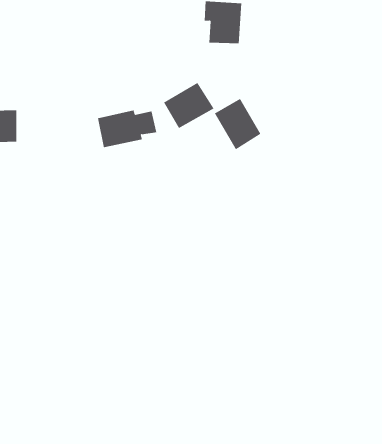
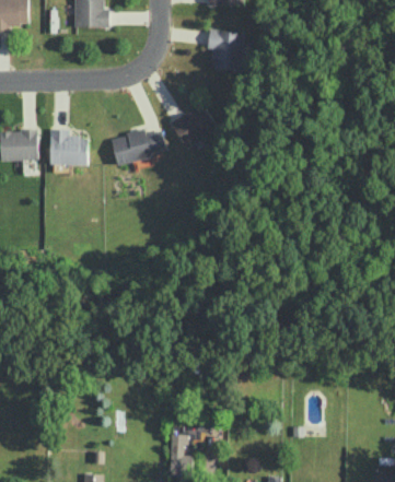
building: [214,98,261,150] -> none
building: none -> [49,129,88,165]

